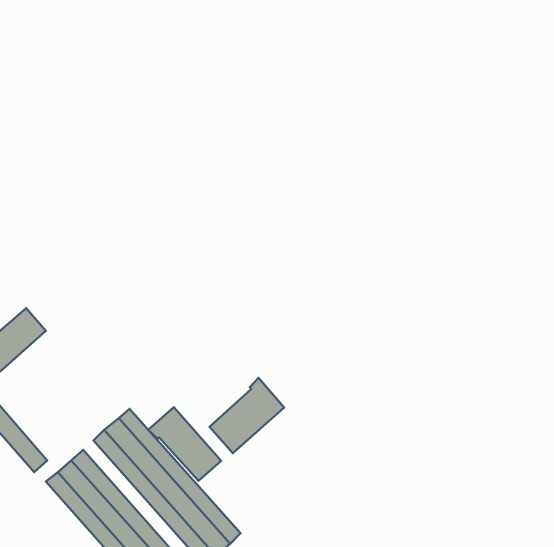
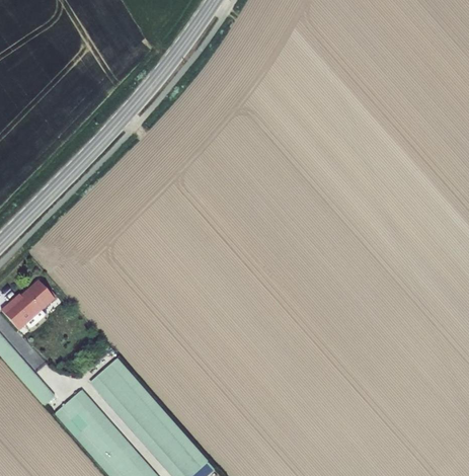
building: [209,378,284,453] -> none
building: [148,407,221,481] -> none

